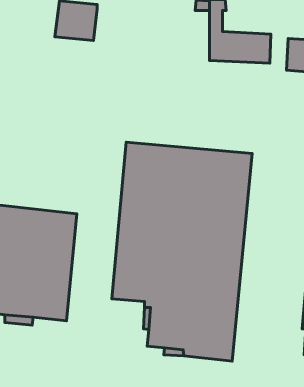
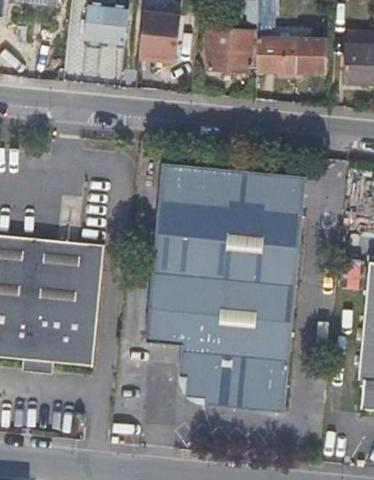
building: none -> [138,12,178,59]
building: none -> [207,29,256,72]

